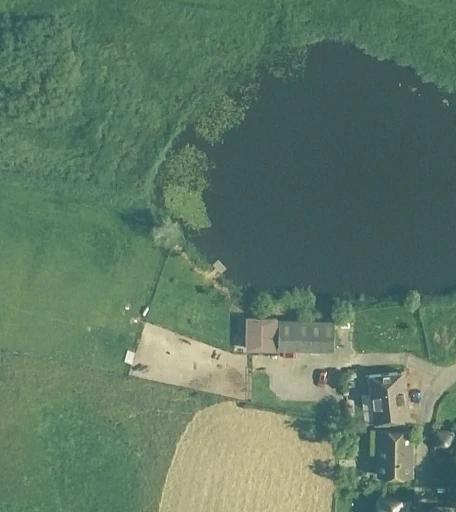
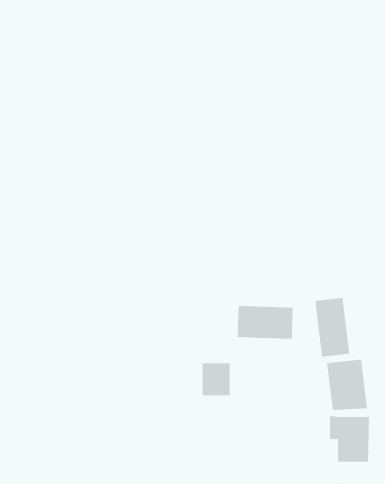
building: none -> [315,297,350,357]
building: [246,321,275,354] -> [202,363,230,396]

